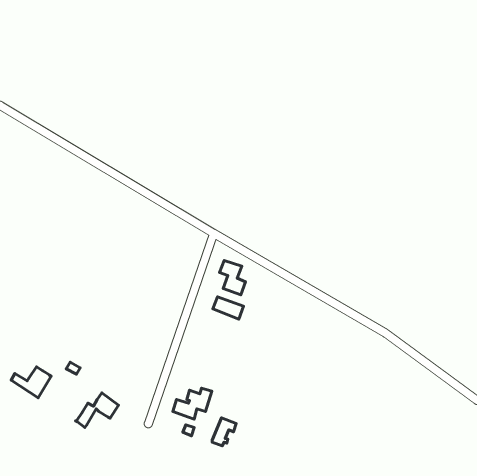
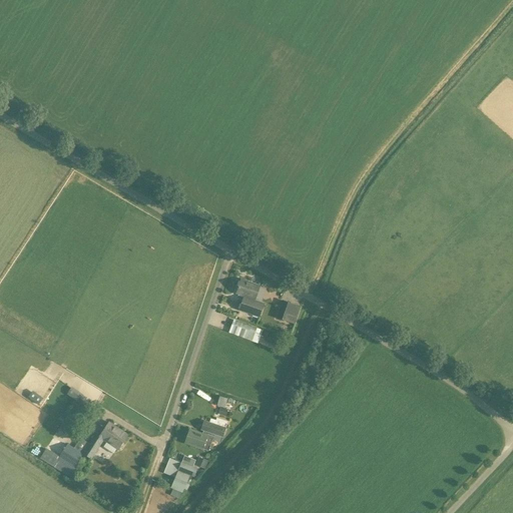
building: none -> [276,300,300,324]
building: [11,367,51,398] -> [40,443,83,476]
building: [212,418,236,446] -> [171,461,197,491]

